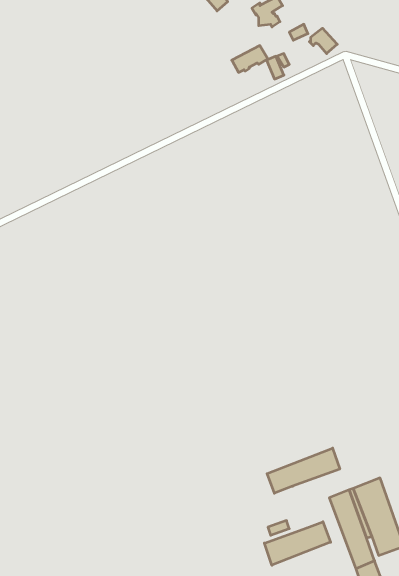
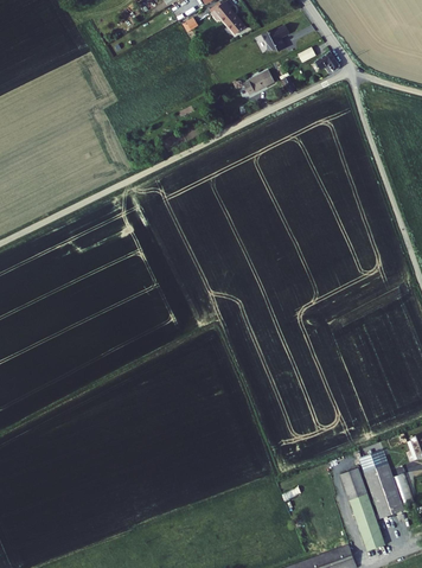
building: [267,448,340,493] -> none
building: [264,522,331,565] -> none

